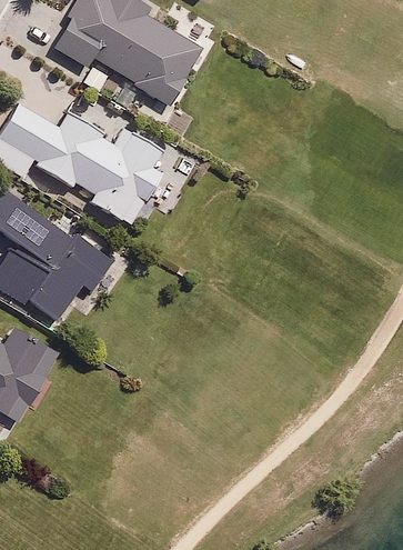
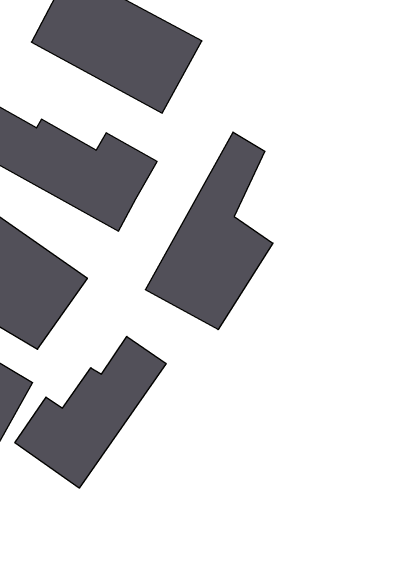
building: none -> [145,132,273,330]
building: none -> [15,336,166,488]

